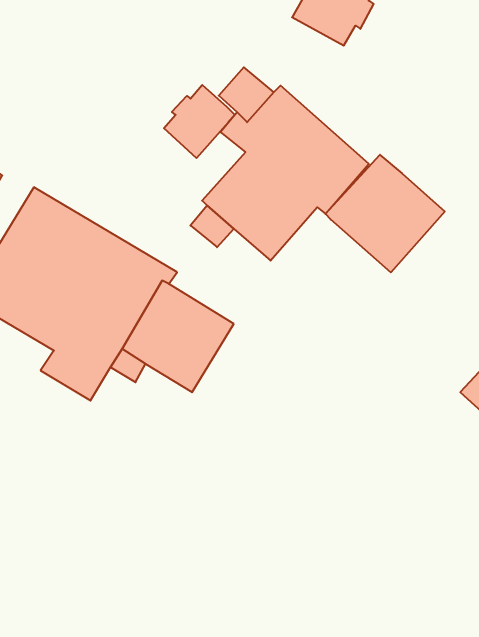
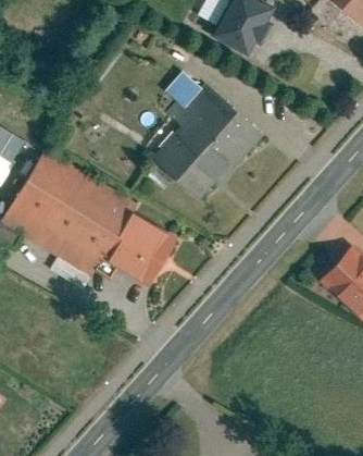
building: [164,85,235,158] -> none
building: [325,155,445,272] -> none

